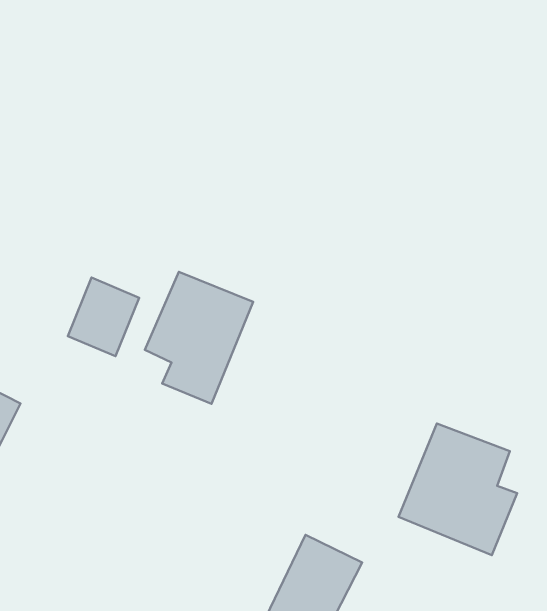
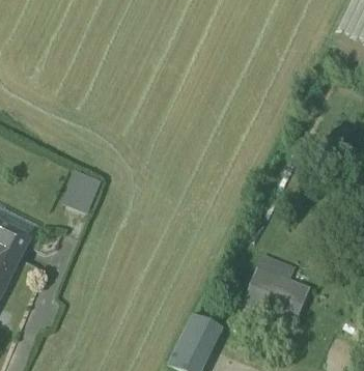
building: [145,272,253,404] -> none

